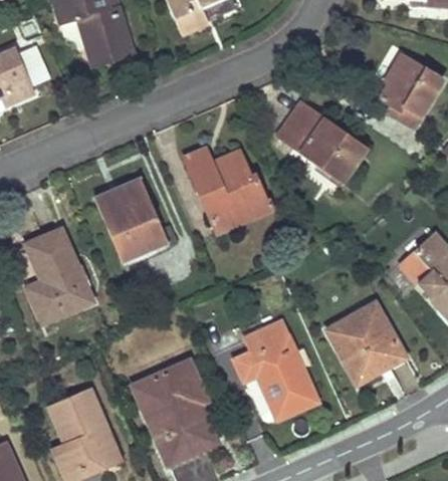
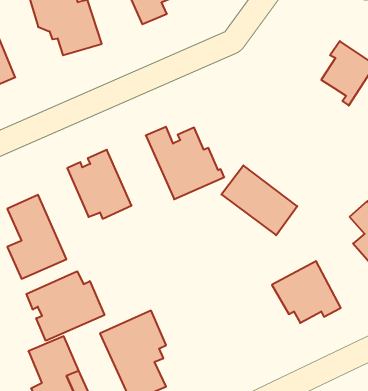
building: [278,101,365,181] -> [221,165,297,235]
building: none -> [26,271,104,341]
building: [234,319,316,420] -> none

